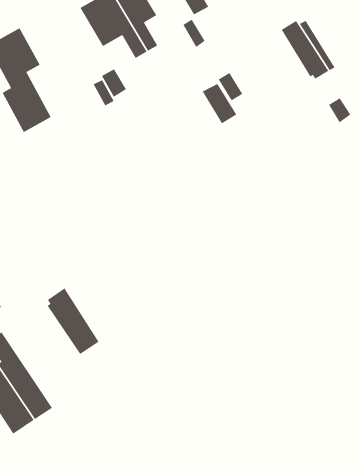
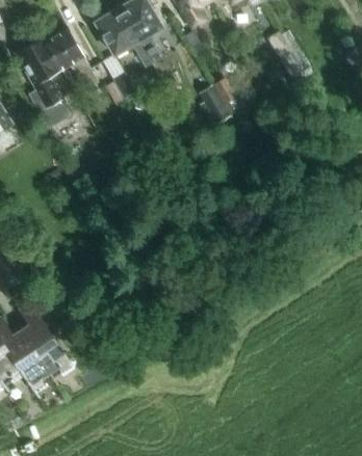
building: none -> [43,25,95,86]
building: [47,287,99,355] -> none

